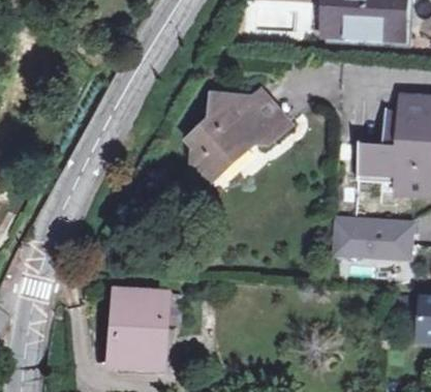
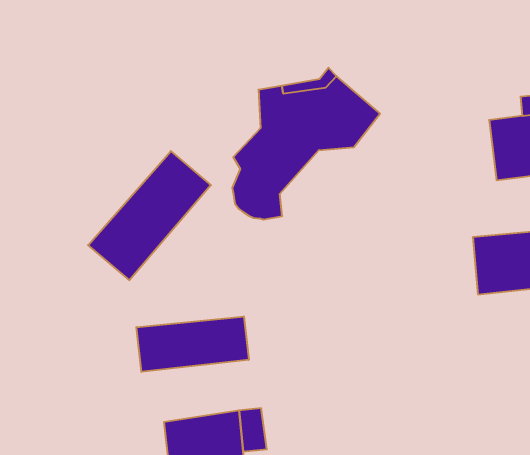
building: none -> [88,151,211,280]
building: none -> [136,316,249,372]

